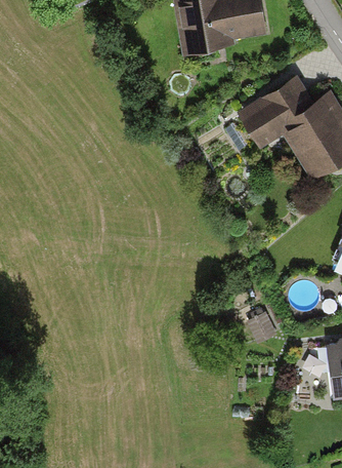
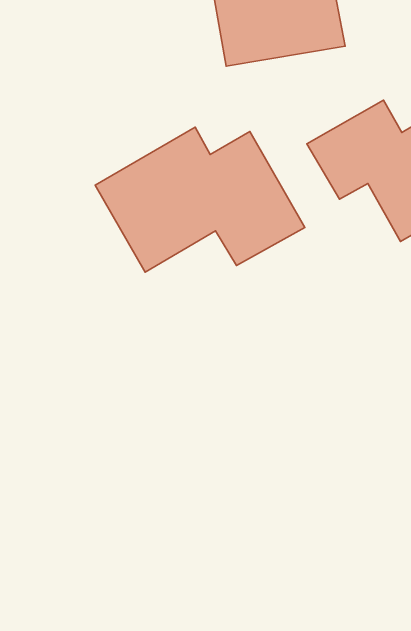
building: none -> [95,127,305,272]

